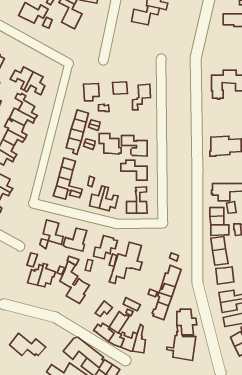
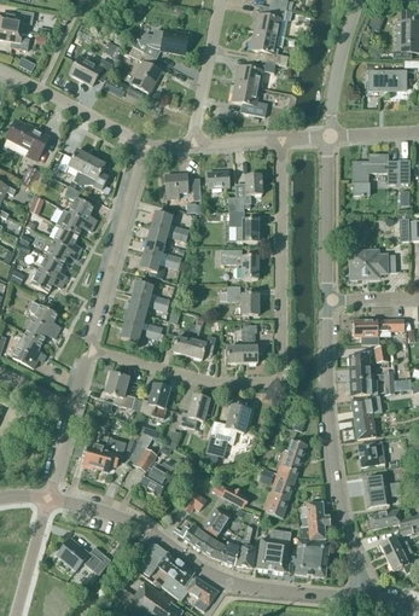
building: none -> [231,82,267,116]
building: [99,133,121,154] -> [228,211,261,242]
building: none -> [256,529,292,573]

